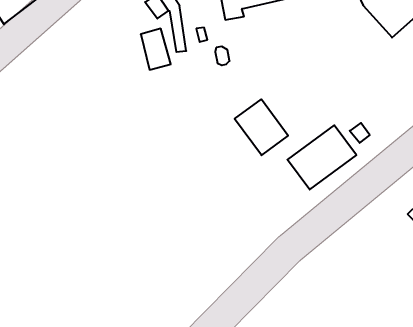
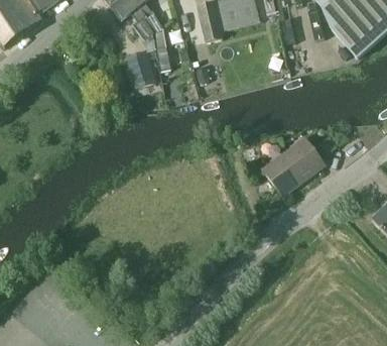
building: [235,99,288,155] -> none

